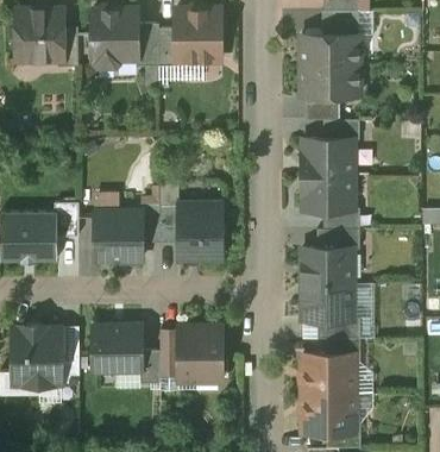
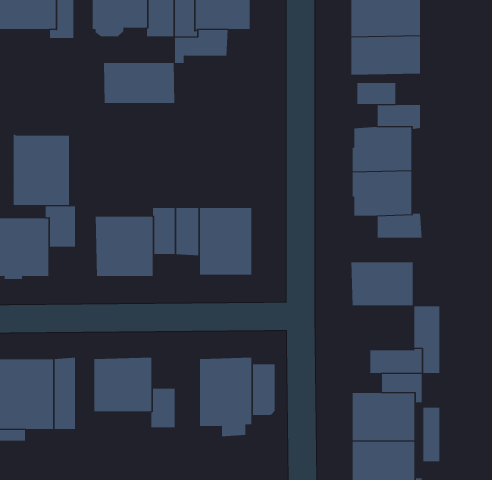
building: none -> [103,62,175,104]
building: none -> [13,133,69,206]
building: [316,228,359,249] -> none
building: [302,283,352,319] -> none
building: [159,331,178,372] -> [252,364,276,415]

